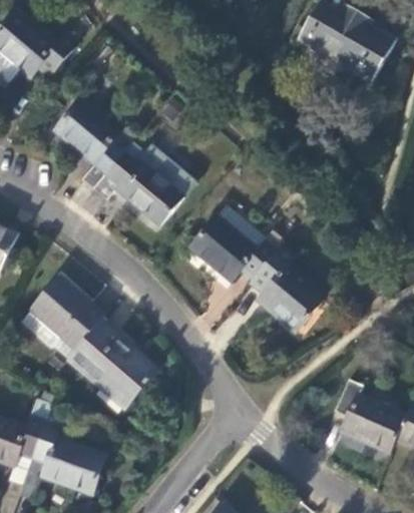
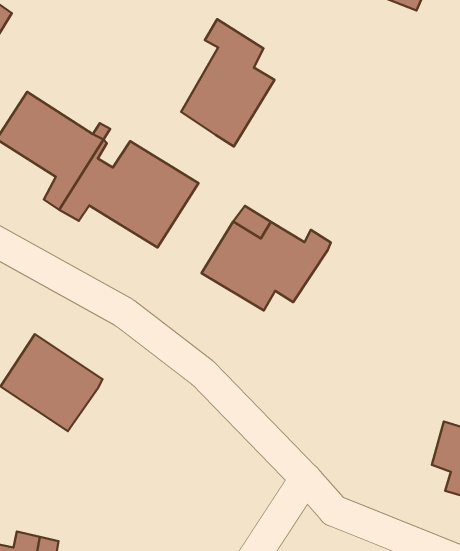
building: none -> [181,19,274,147]
building: [250,245,324,329] -> none
building: [66,322,155,404] -> none

